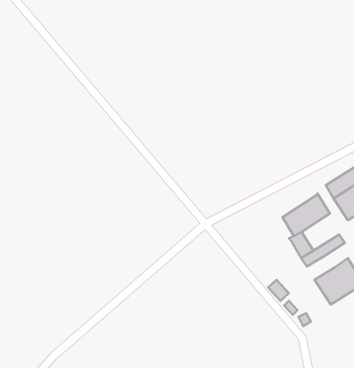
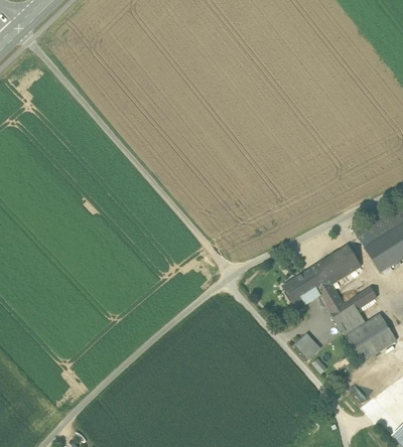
building: none -> [283,269,322,305]
building: none -> [337,309,366,335]

